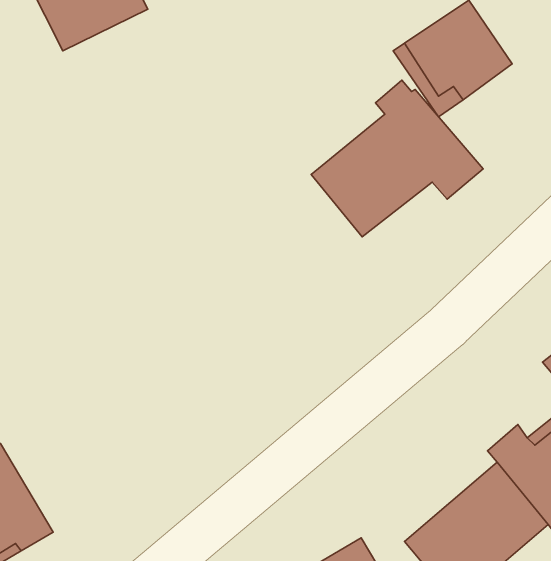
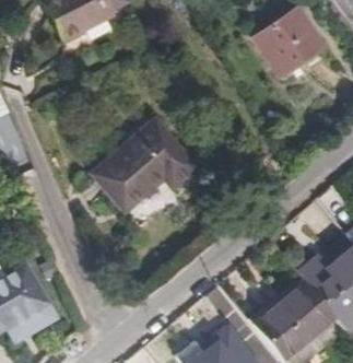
building: [311,80,483,237] -> [94,120,193,211]

